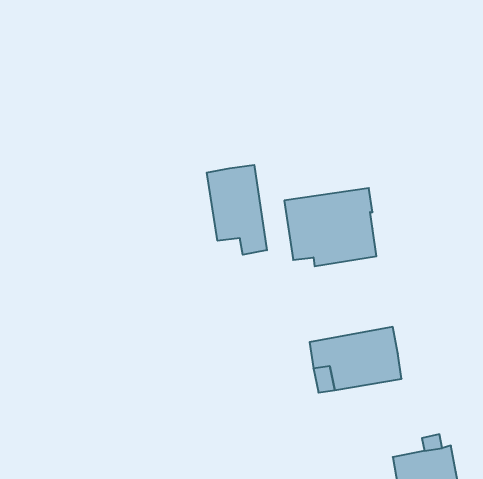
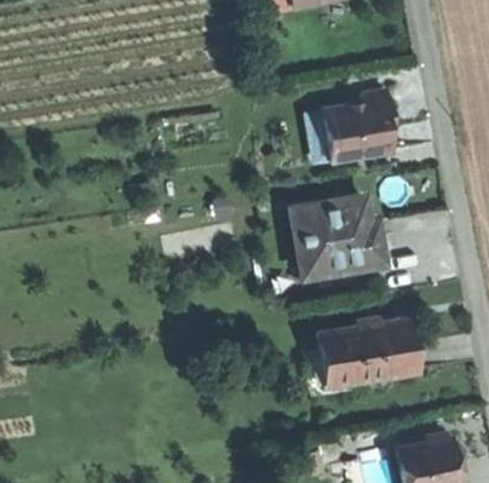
building: none -> [323,86,396,159]
building: [207,165,267,255] -> none

